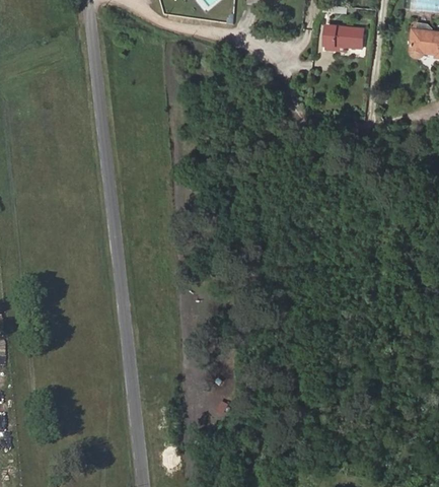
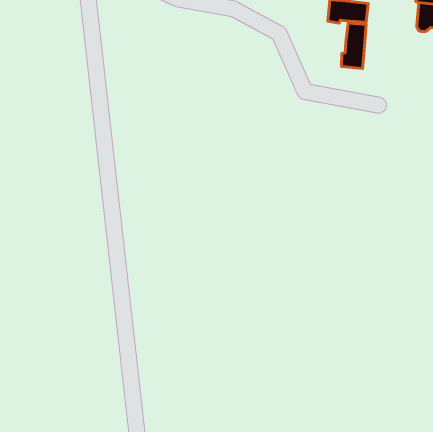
building: none -> [342,23,366,69]

